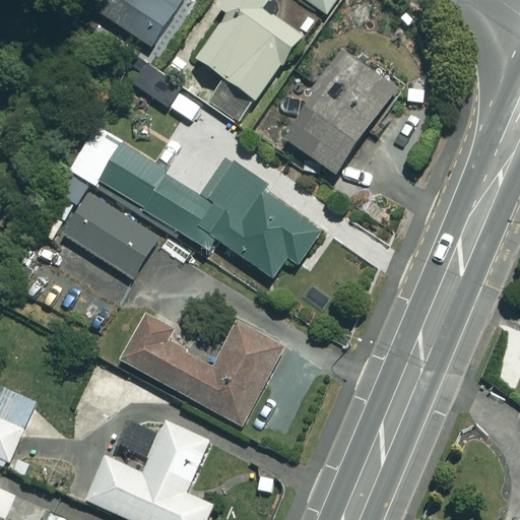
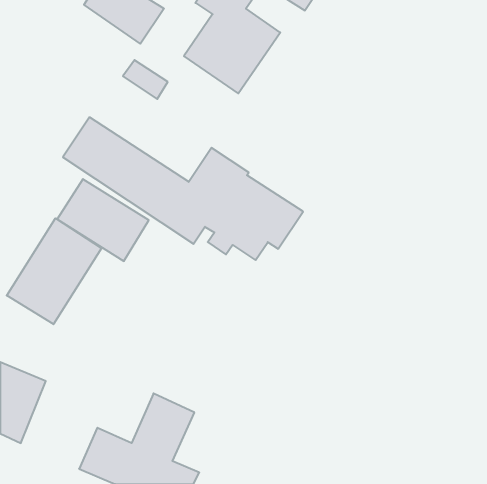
building: [280,47,395,175] -> none
building: none -> [7,218,102,324]
building: [123,319,283,426] -> none

